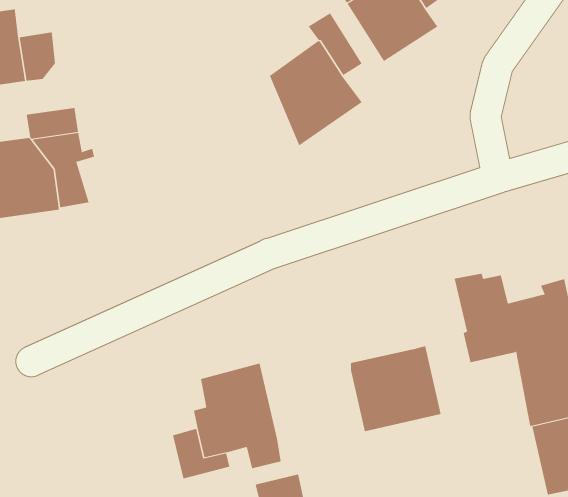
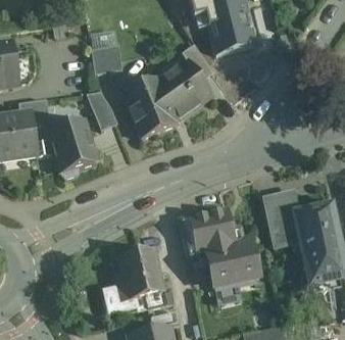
building: none -> [91,43,121,71]
building: none -> [120,75,177,137]
building: none -> [86,90,116,128]
building: none -> [47,117,97,177]
building: none -> [179,208,242,251]

